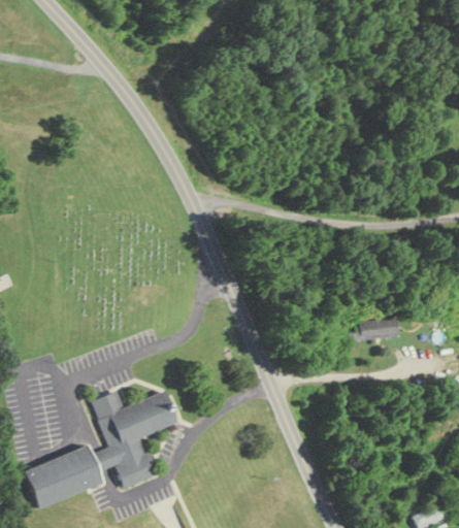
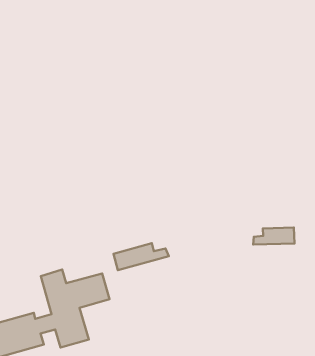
building: none -> [113,243,169,270]

